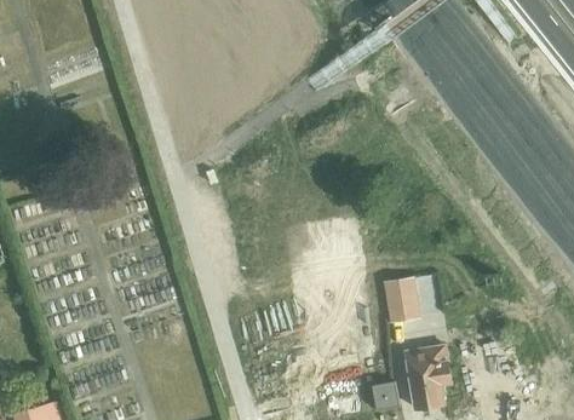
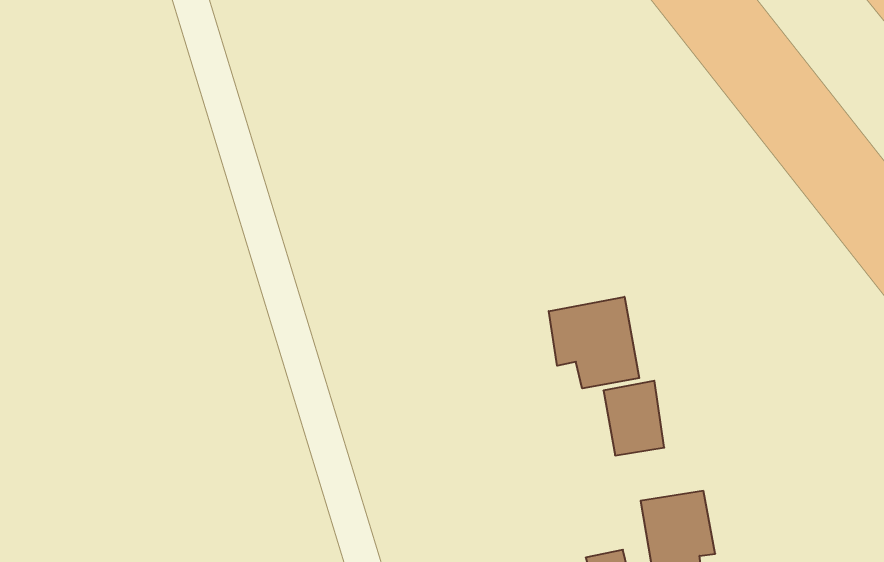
building: none -> [549,297,639,388]

